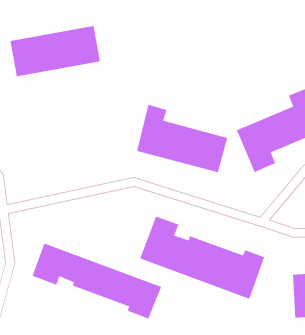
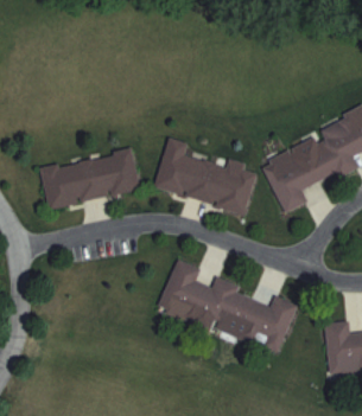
building: [10,25,101,77] -> [39,151,139,207]
building: [31,242,162,320] -> none

